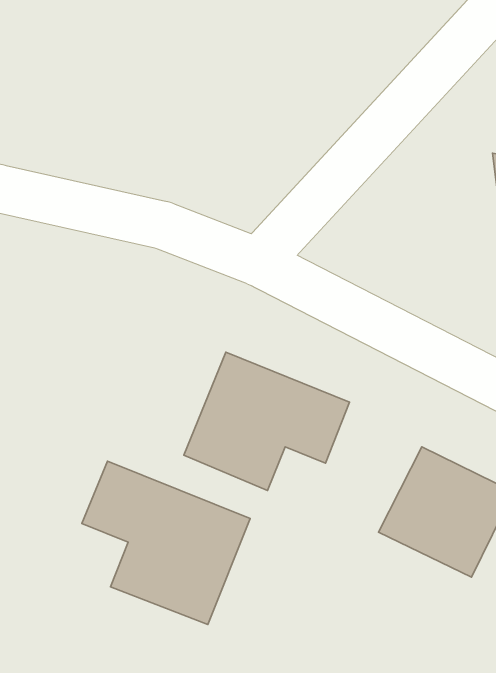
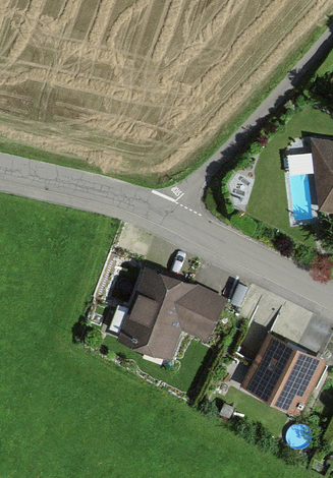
building: [82,461,250,624] -> none

